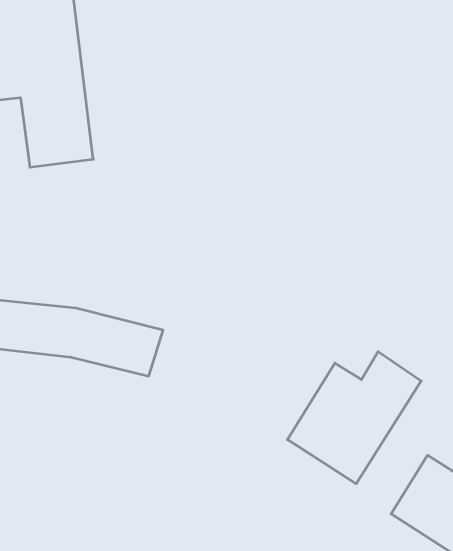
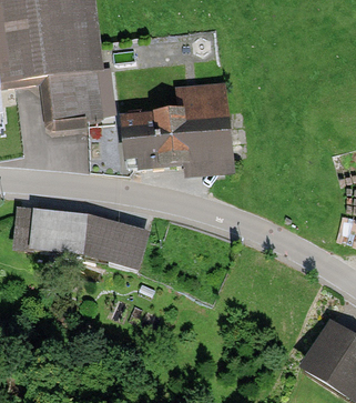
building: none -> [124,82,234,163]
building: [287,352,421,484] -> none

